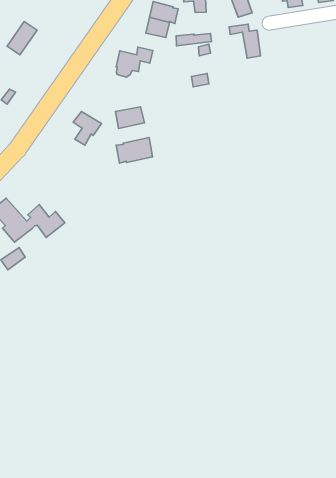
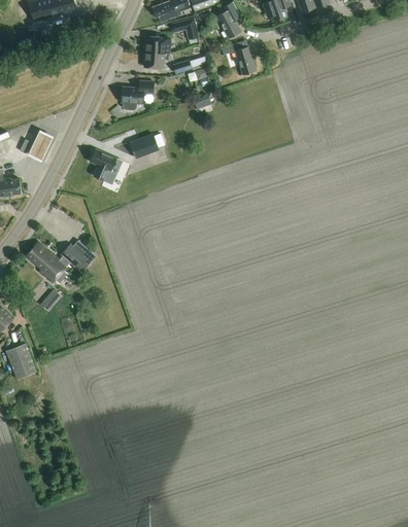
building: [7,22,37,55] -> [28,127,54,159]
building: [116,137,153,163] -> none

